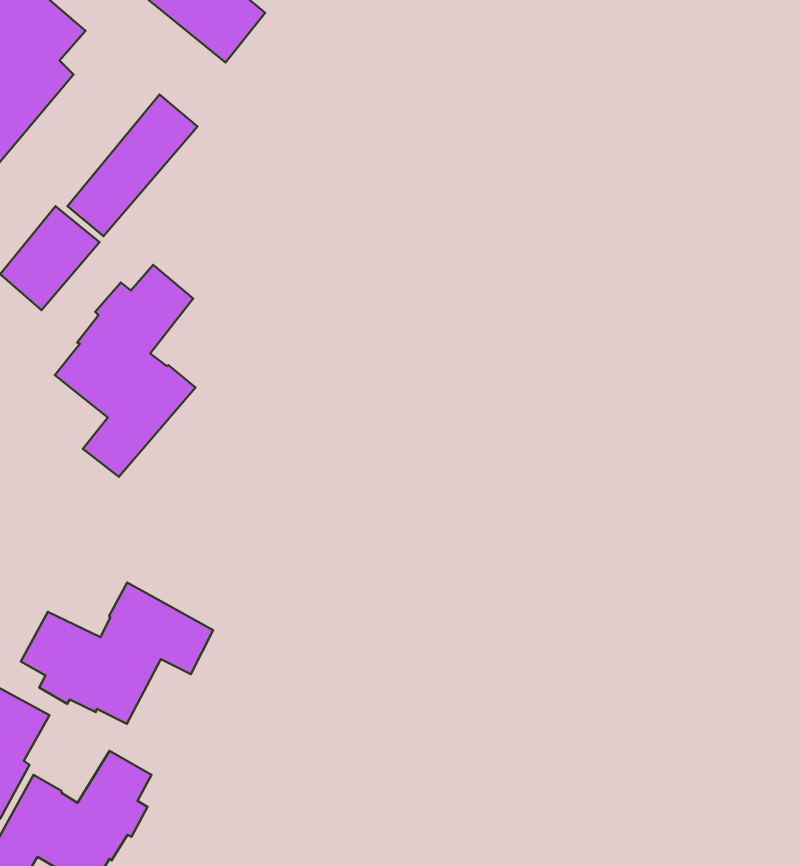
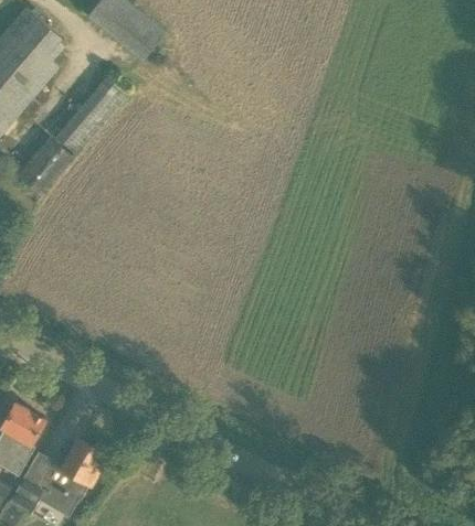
building: [55,265,195,477] -> none
building: [21,583,213,724] -> none

